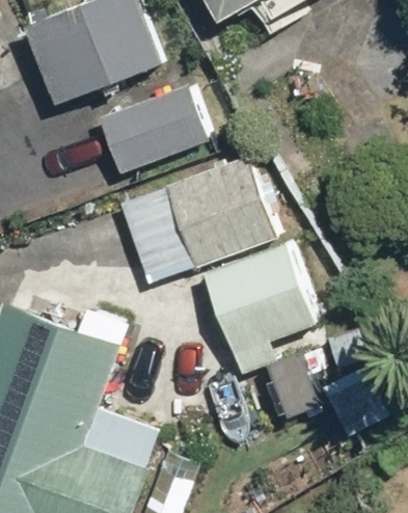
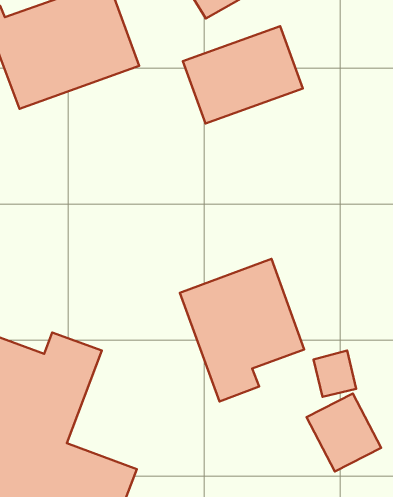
building: [97,84,207,173] -> [183,26,303,123]
building: [115,156,277,286] -> none

